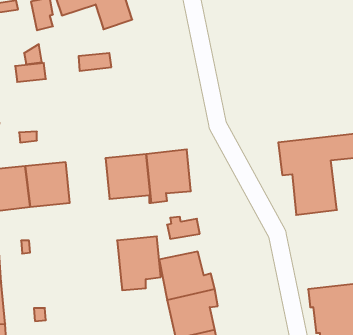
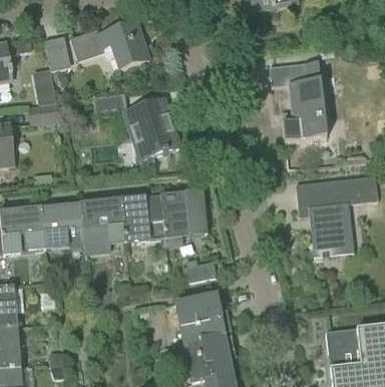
building: none -> [269,60,328,141]
building: none -> [125,100,178,166]
building: [117,236,161,290] -> [80,200,124,254]

